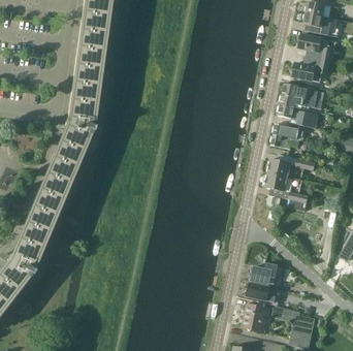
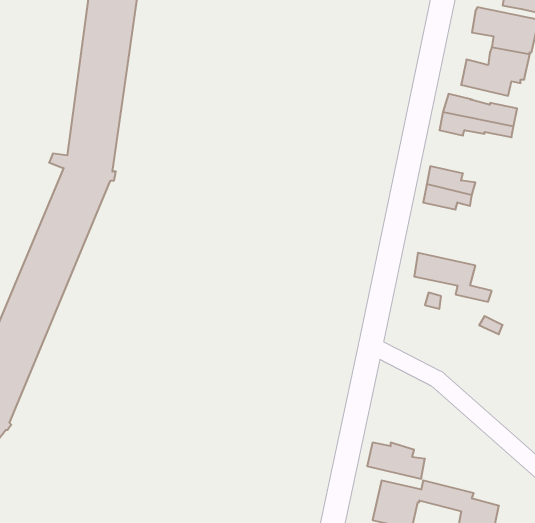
building: [278,104,318,130] -> none
building: [267,161,316,182] -> none
building: [249,264,282,287] -> none

